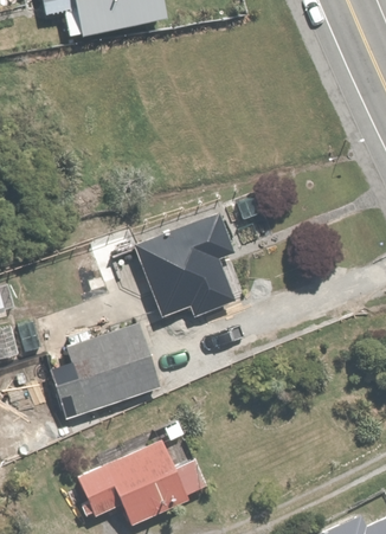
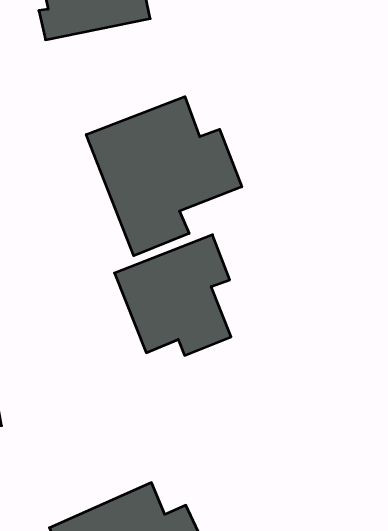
building: none -> [86,97,242,256]
building: [66,323,161,414] -> none

